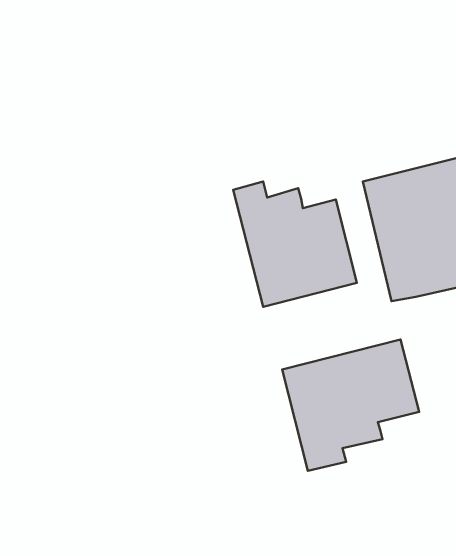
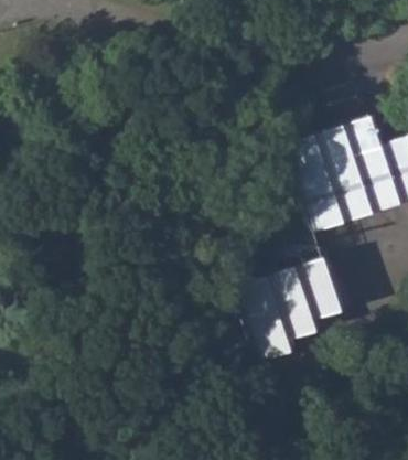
building: [233,182,357,307] -> none

